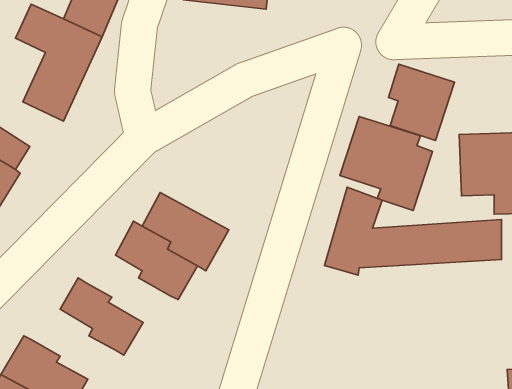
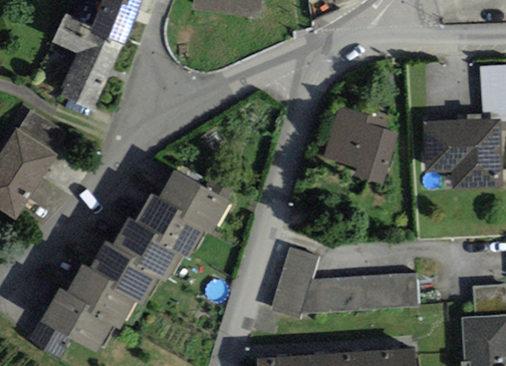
building: [389,64,455,141] -> none
building: [324,187,502,275] -> [271,245,419,318]
building: none -> [112,218,182,282]
building: none -> [65,263,136,329]

